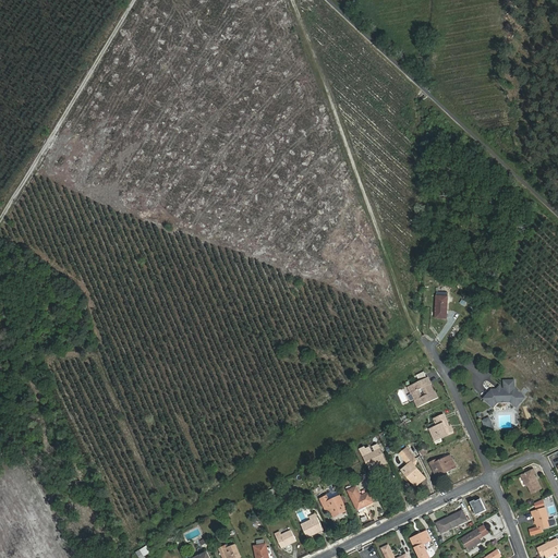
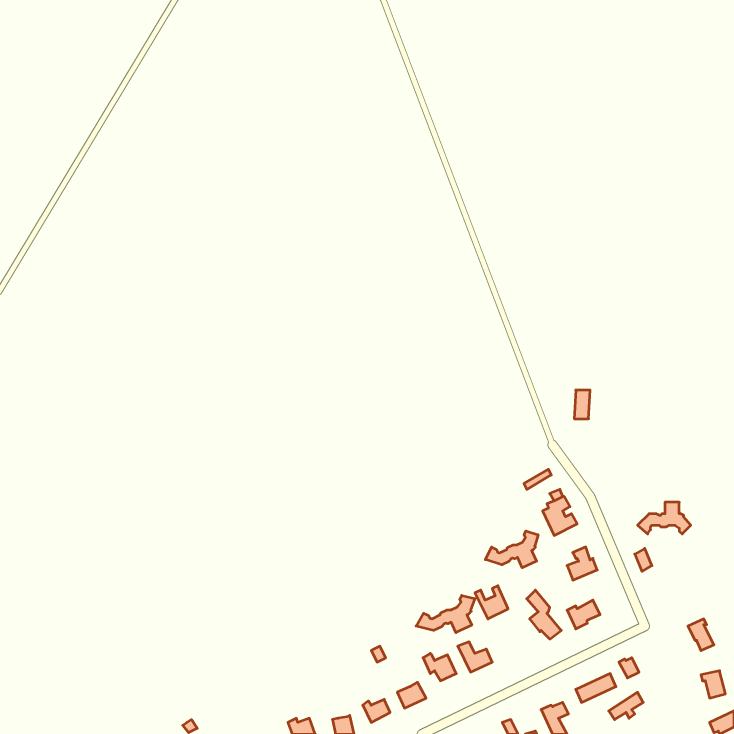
building: none -> [485,531,538,568]
building: none -> [416,595,475,633]

